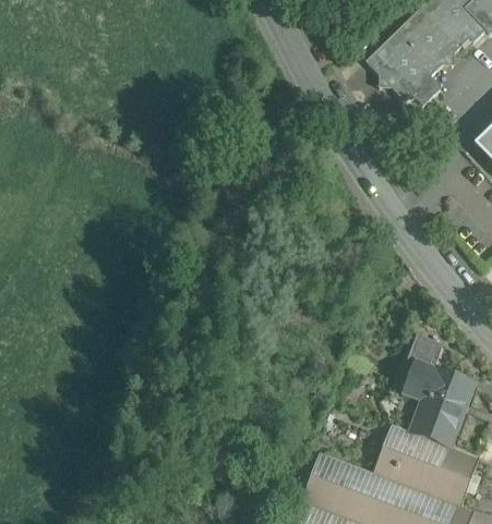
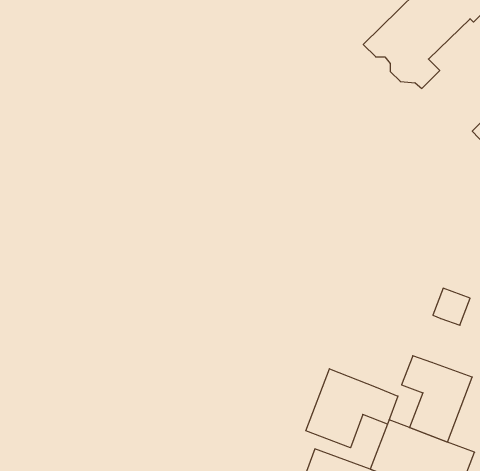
building: [408,331,444,367] -> [433,288,470,325]
building: none -> [306,369,398,448]

